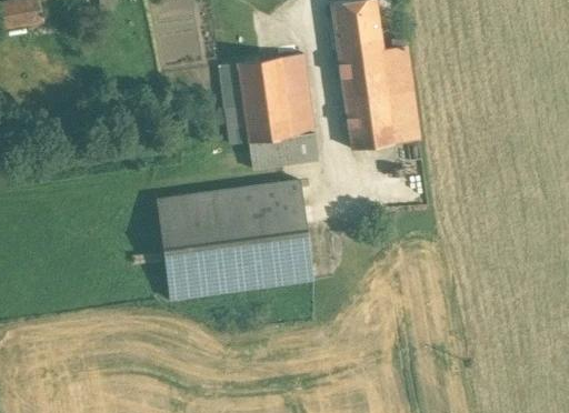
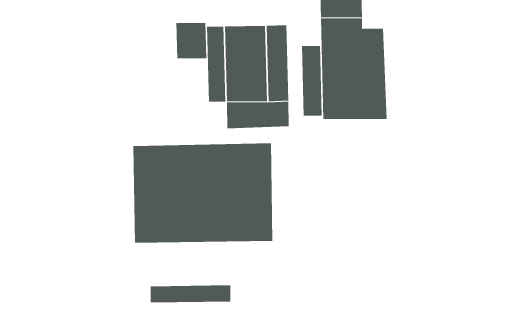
building: none -> [176,22,207,59]
building: none -> [301,45,322,116]
building: none -> [150,284,231,303]

